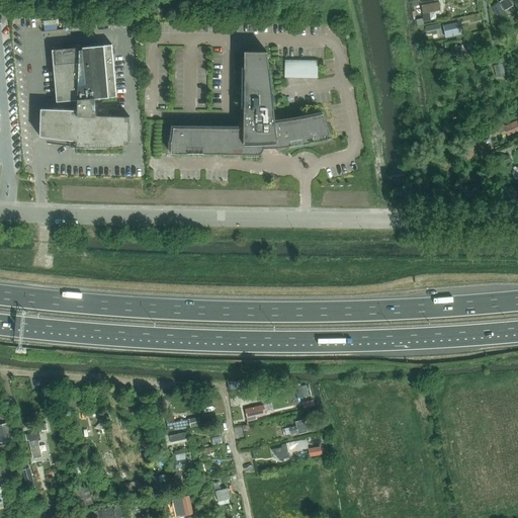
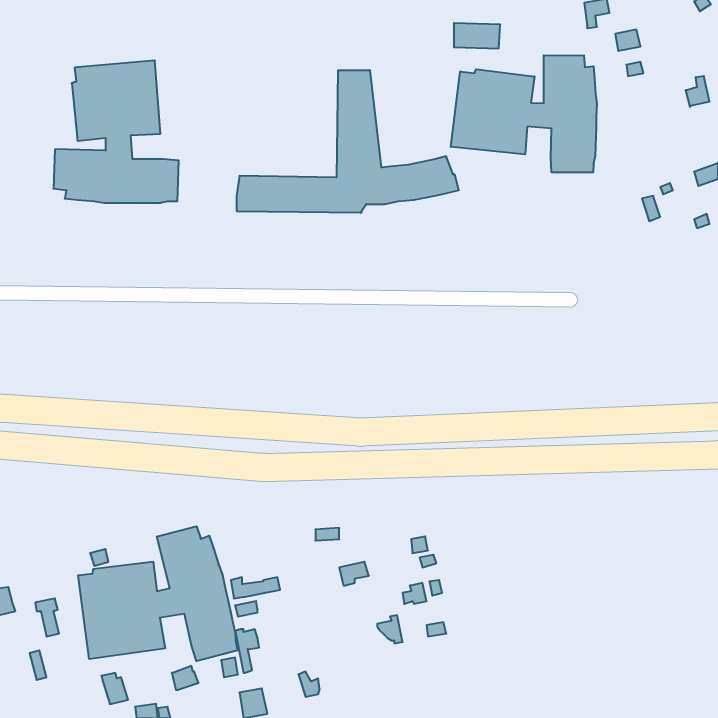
building: none -> [451,55,597,172]
building: [284,59,318,77] -> [454,23,500,48]
building: none -> [78,526,238,661]

